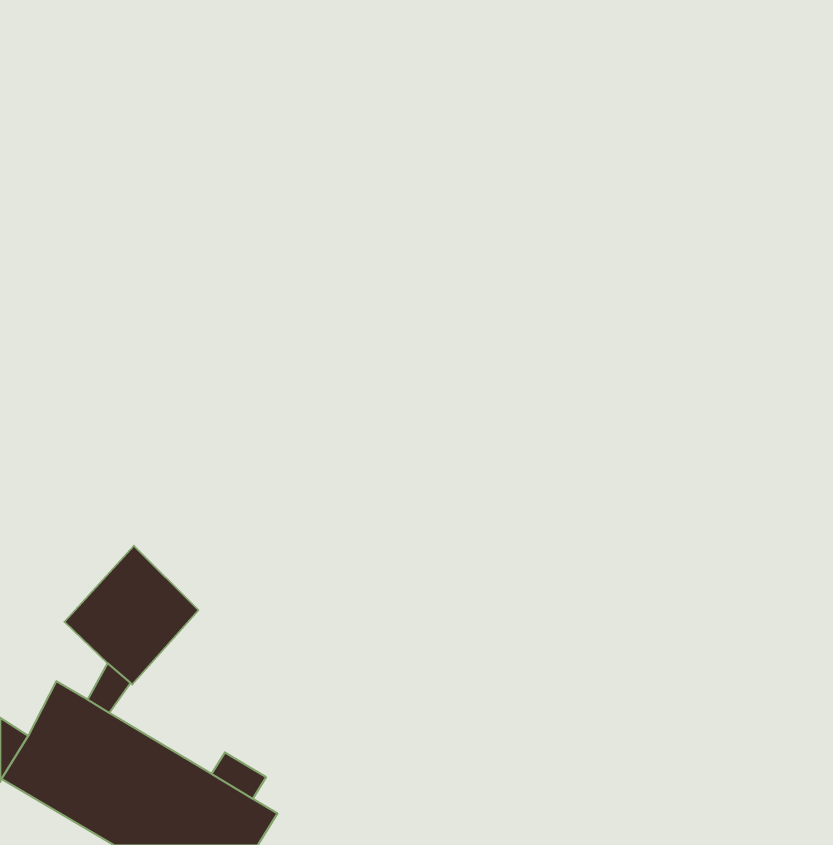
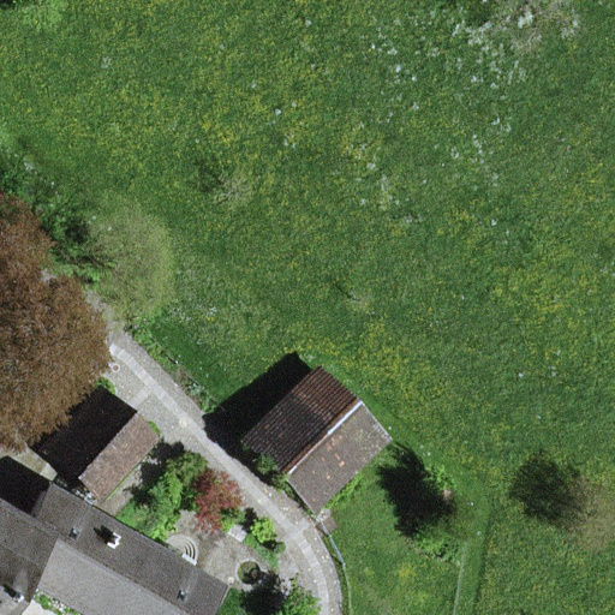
building: none -> [251,372,384,506]

